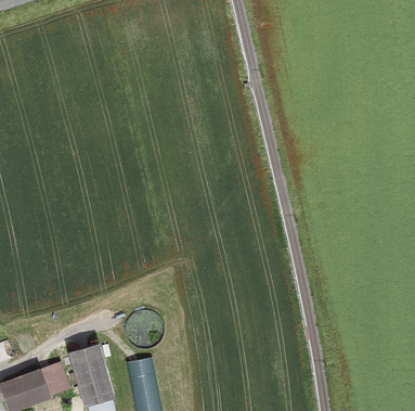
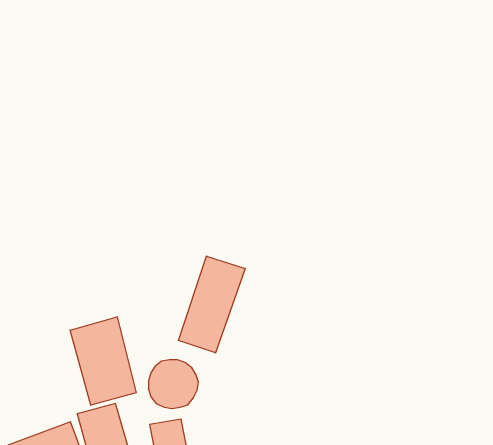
building: none -> [178,256,245,353]
building: none -> [70,317,136,405]

